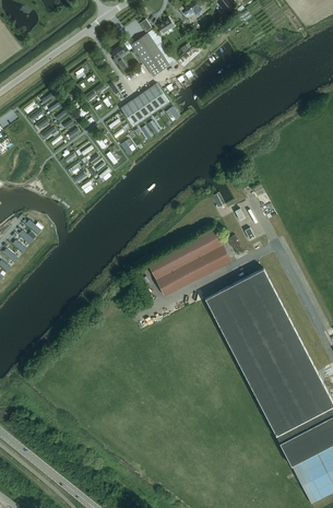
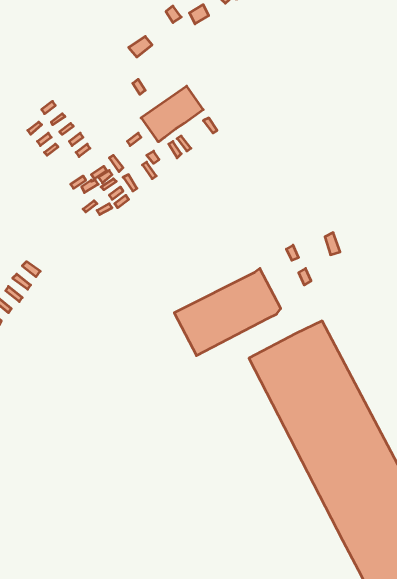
building: [131,34,169,76] -> none

